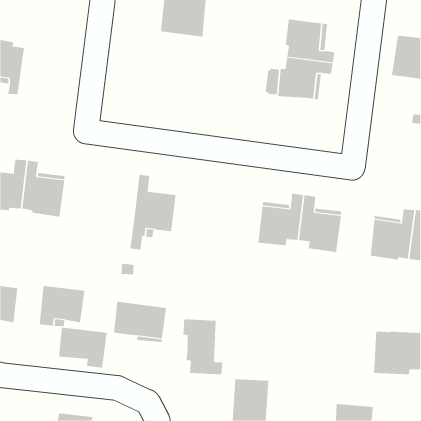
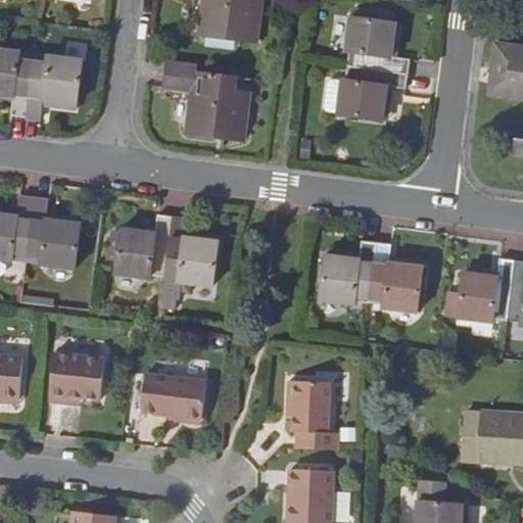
building: none -> [22,55,79,120]
building: none -> [162,64,244,145]
building: none -> [113,213,172,279]
building: [183,319,223,375] -> [287,380,337,449]
building: [58,327,107,368] -> none

